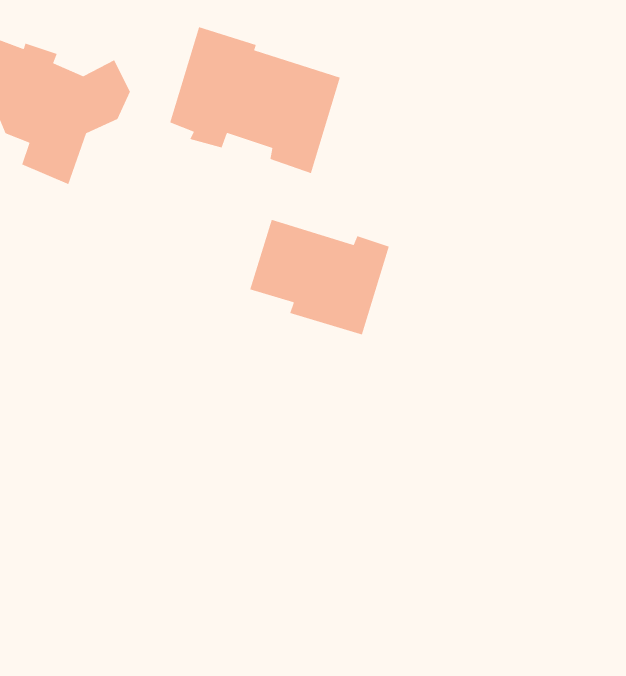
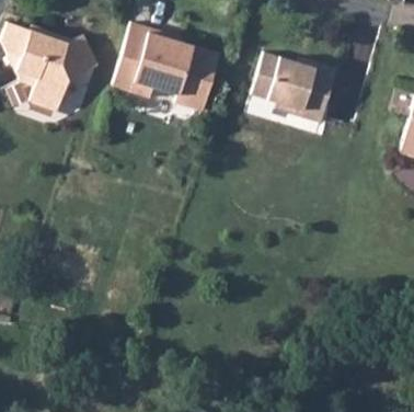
building: [249,219,390,336] -> [252,53,336,123]

